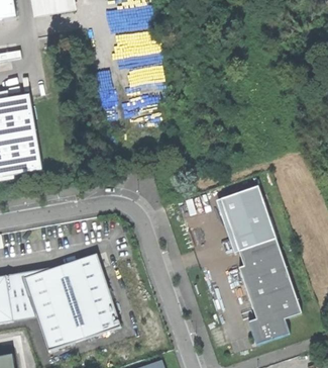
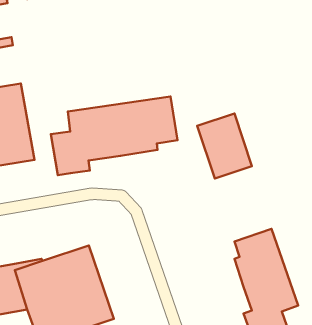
building: none -> [51,96,178,175]
building: [221,185,275,249] -> [197,113,252,178]

